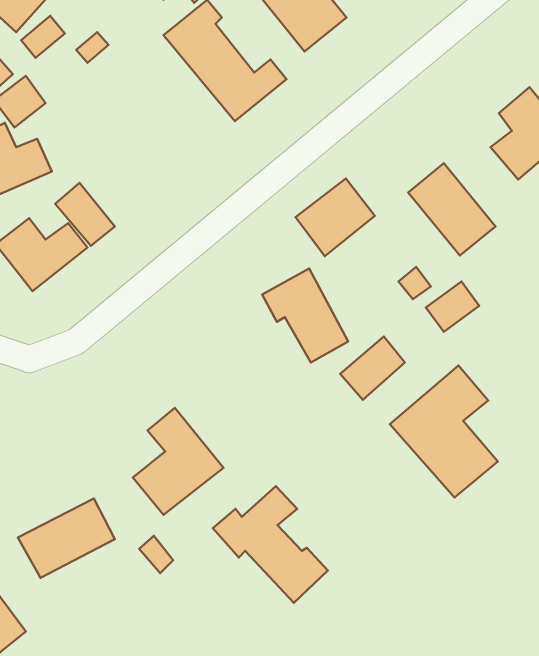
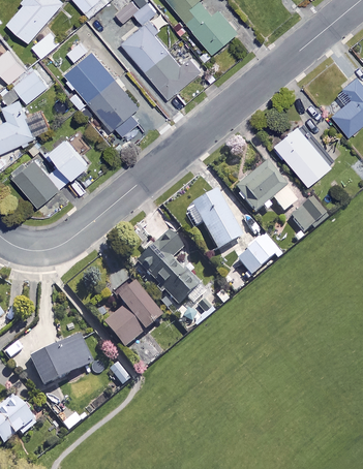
building: none -> [65,51,139,137]
building: [296,178,375,256] -> [234,163,284,213]
building: [390,365,498,498] -> none
building: [213,486,328,603] -> [126,232,200,307]

